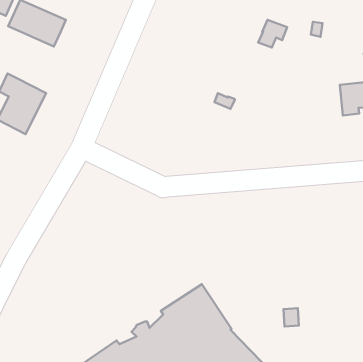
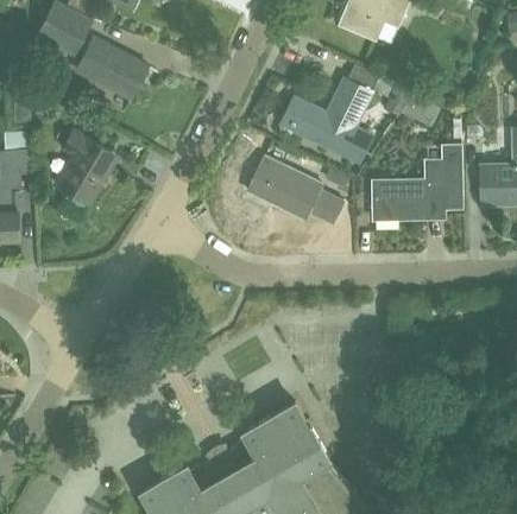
building: none -> [282,80,379,161]
building: none -> [372,144,460,220]
building: none -> [246,157,345,226]

